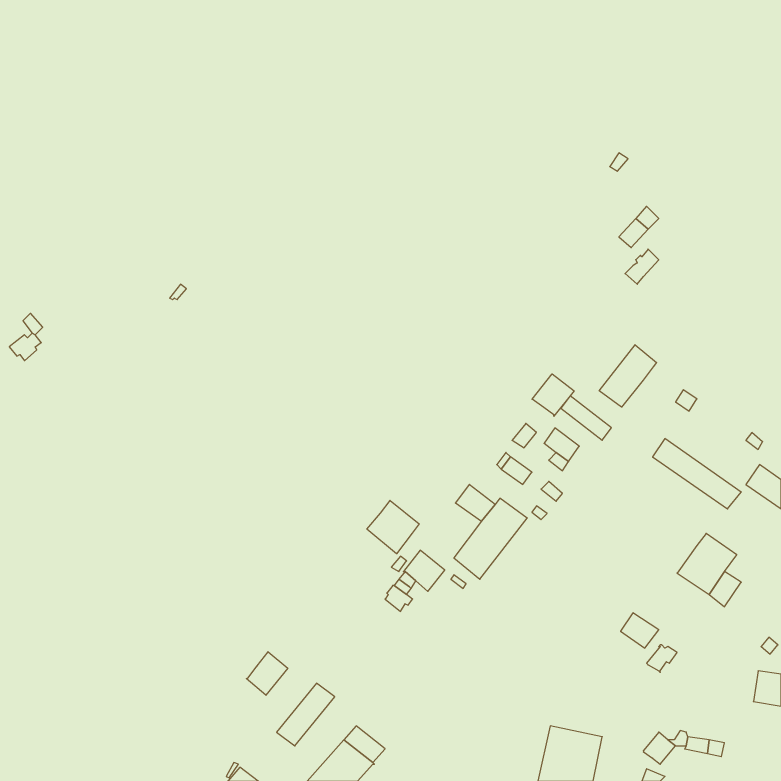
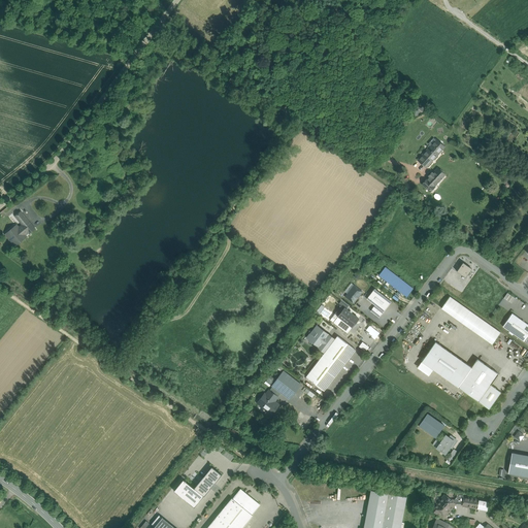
building: [599,345,657,407] -> none
building: [532,374,574,416] -> none
building: [367,500,419,554] -> none
building: none -> [420,342,470,387]
building: [246,652,288,695] -> none

